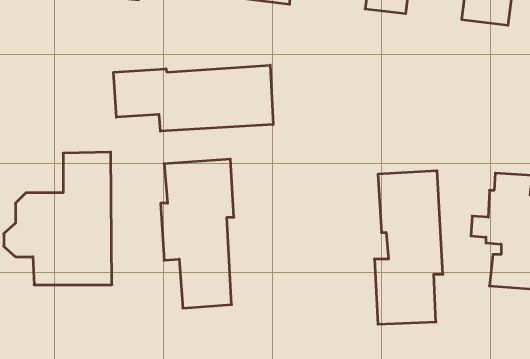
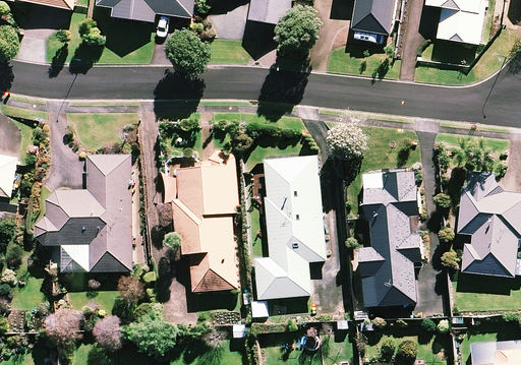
building: [114,65,273,131] -> none
building: none -> [251,157,325,317]

